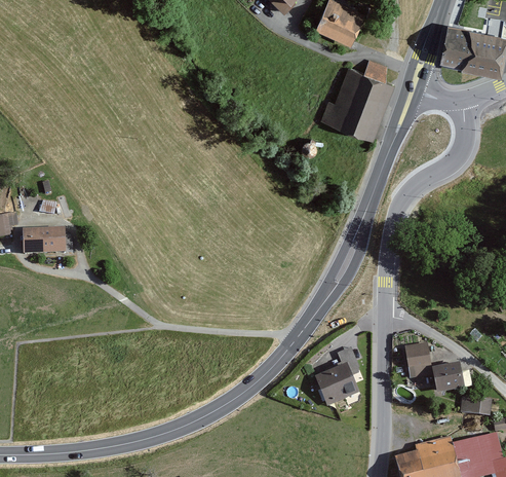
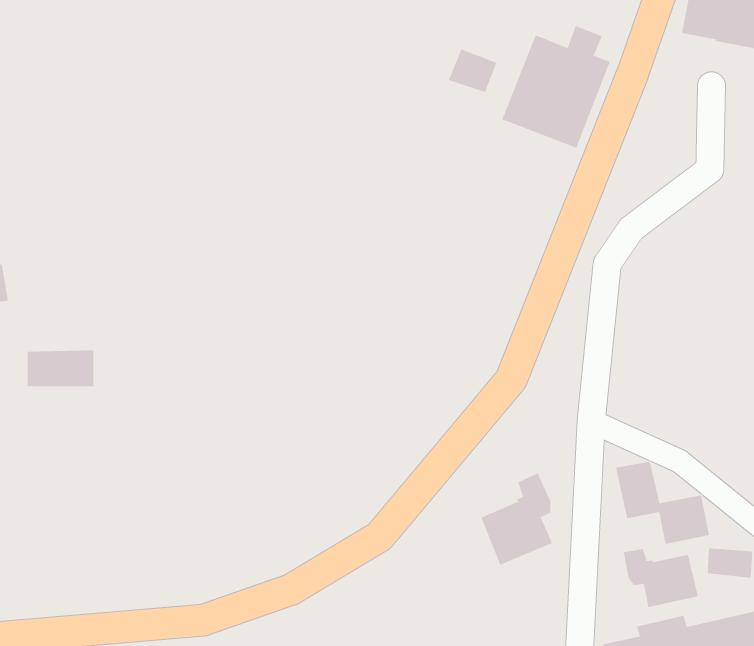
building: none -> [448,49,497,93]
building: [24,228,67,252] -> [27,350,94,387]
building: none -> [623,548,698,608]

